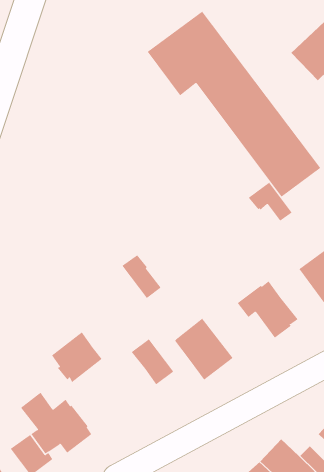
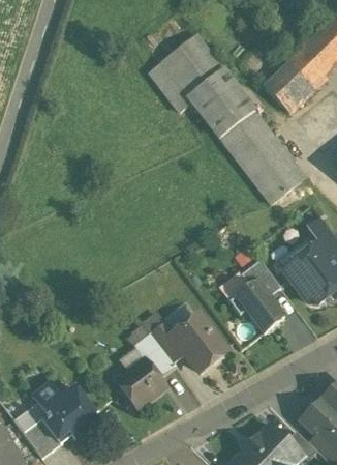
building: none -> [264,71,302,111]
building: [248,182,292,222] -> [240,258,280,294]
building: [122,255,161,299] -> [149,321,185,361]
building: [51,331,103,383] -> [117,359,163,406]

